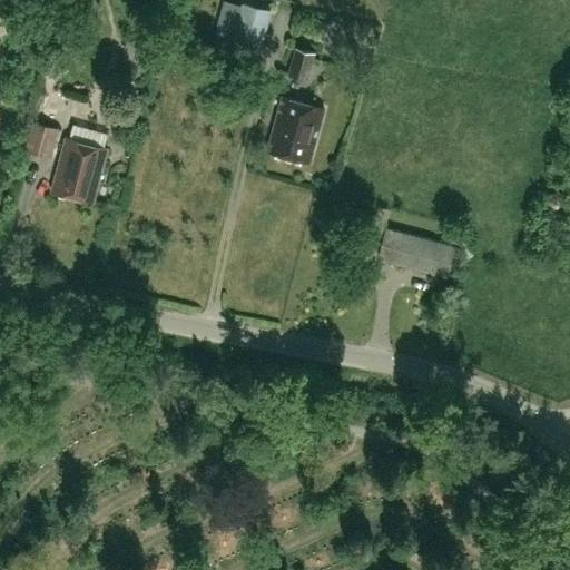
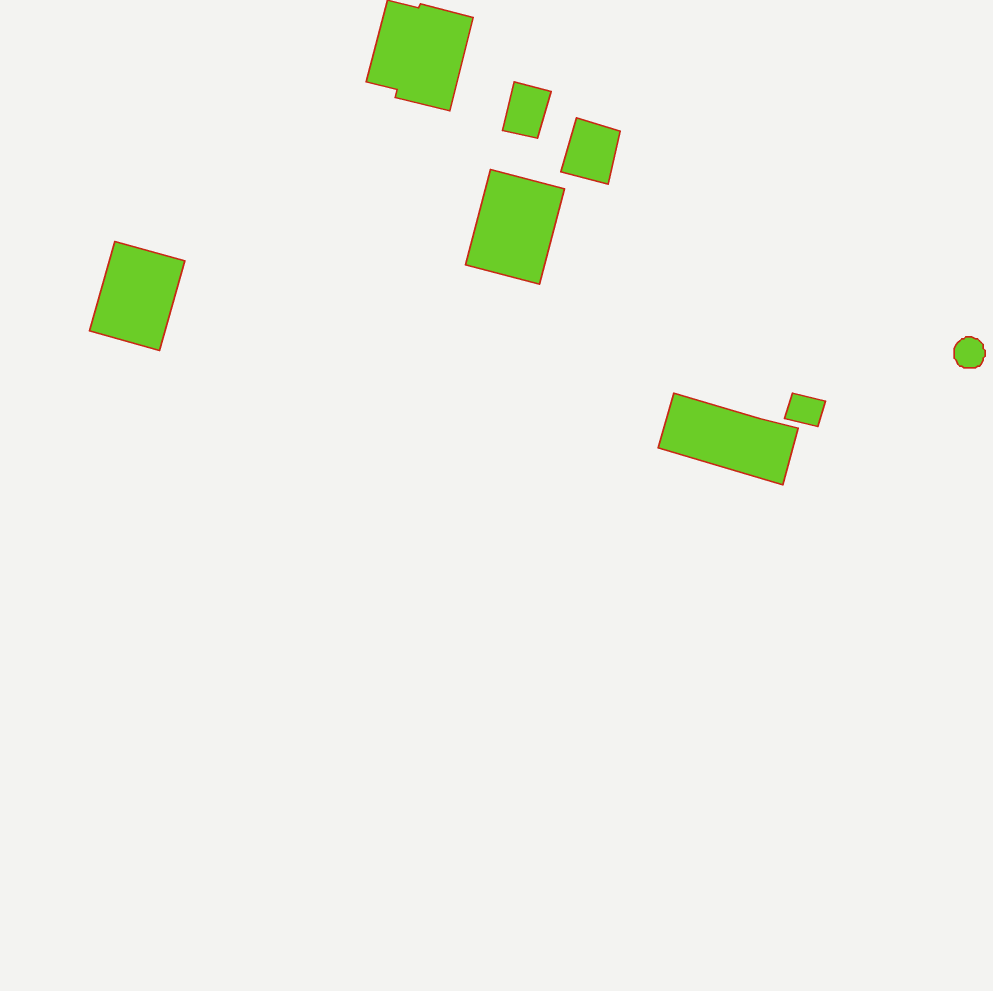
building: none -> [561,118,620,184]
building: [24,124,59,159] -> none

